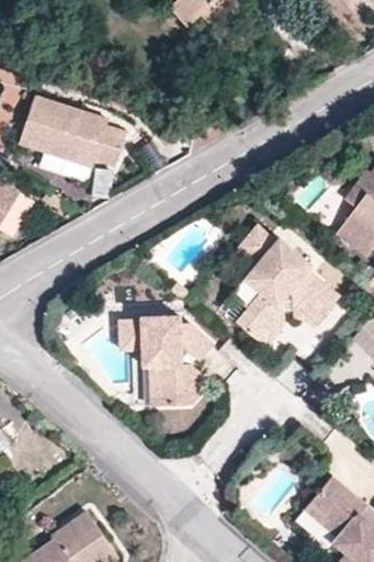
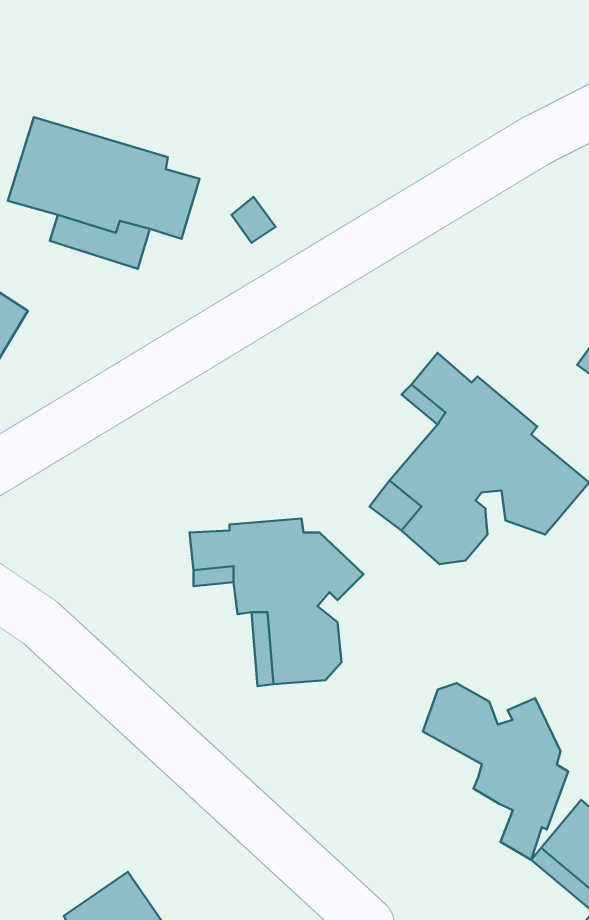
building: none -> [423,683,568,860]

